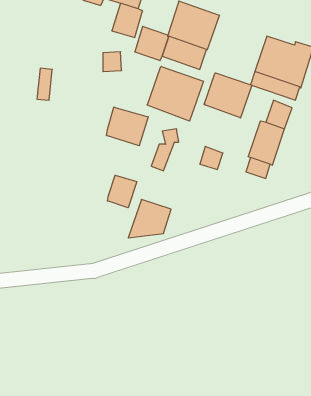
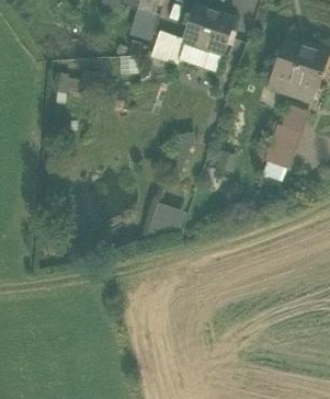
building: [147,66,204,121] -> none
building: [204,73,252,118] -> none
building: [107,107,148,146] -> none
building: [107,175,137,208] -> none

